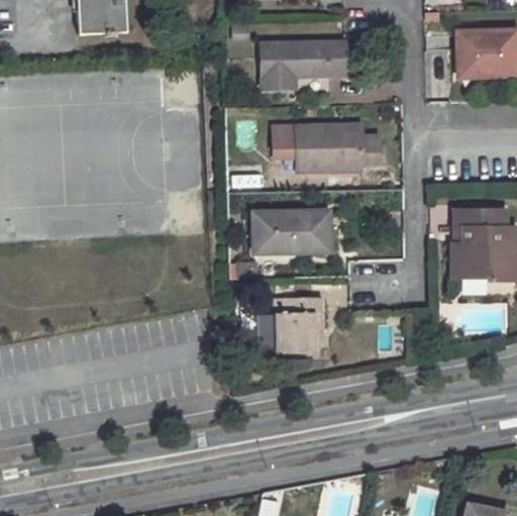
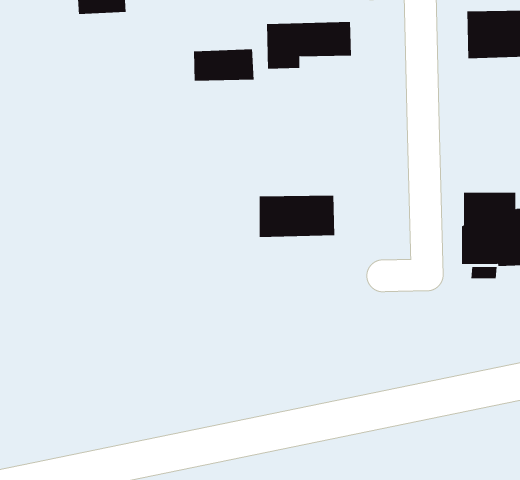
building: none -> [194,49,254,81]
building: [275,124,379,170] -> none
building: [258,296,323,351] -> none

